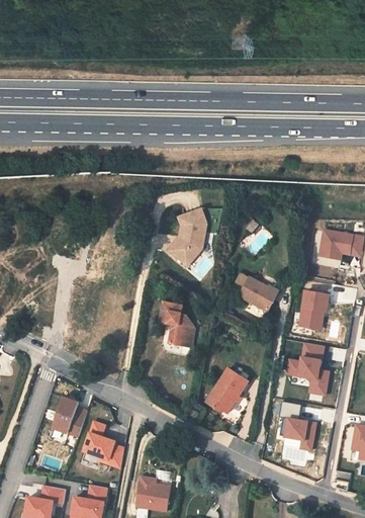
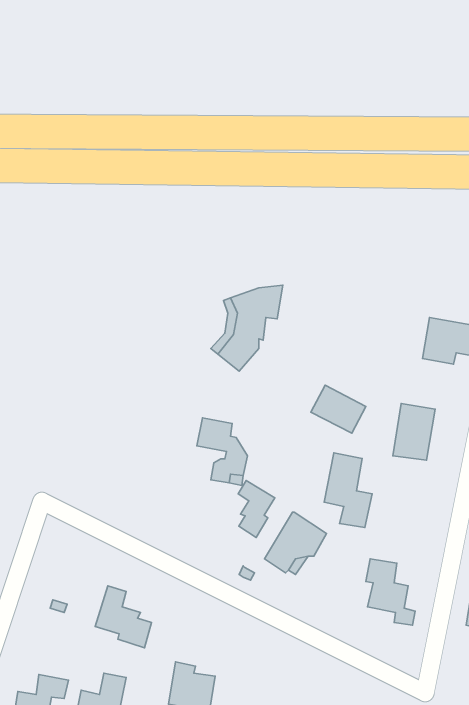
building: [296,341,331,395] -> [324,453,372,528]
building: none -> [238,480,275,537]
building: [52,397,86,435] -> none

